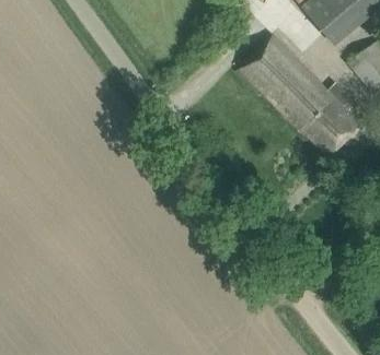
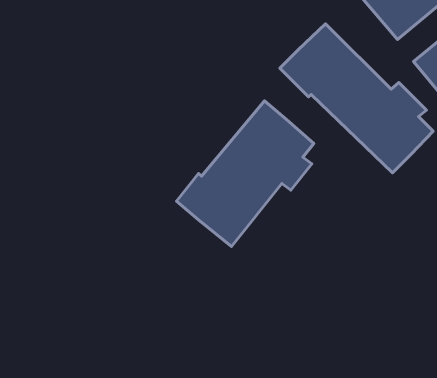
building: none -> [176,101,314,246]

